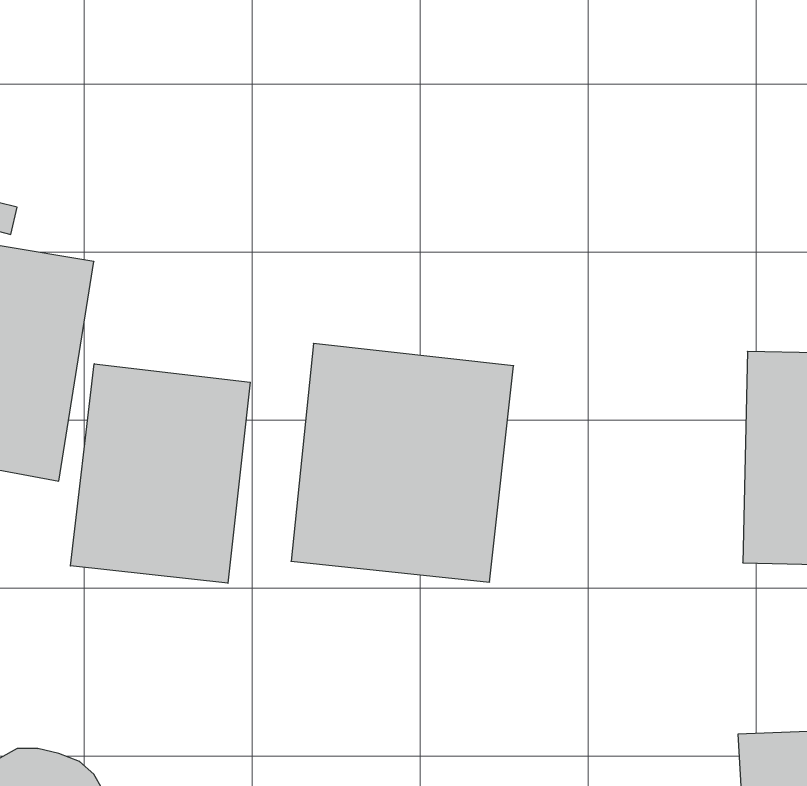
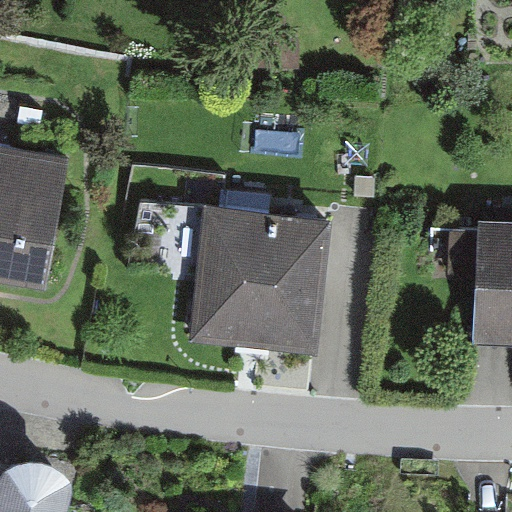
building: [70,364,250,583] -> none

